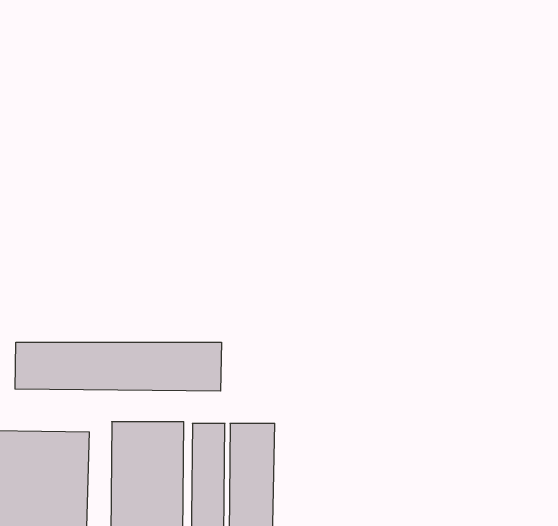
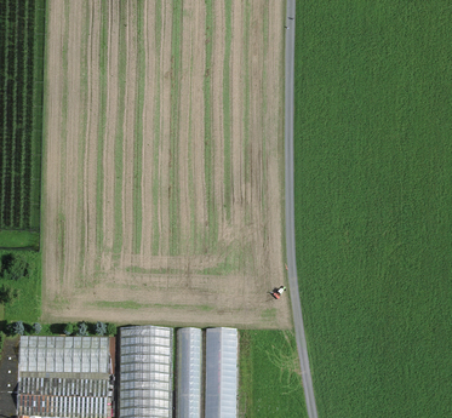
building: [15,342,221,391] -> none

